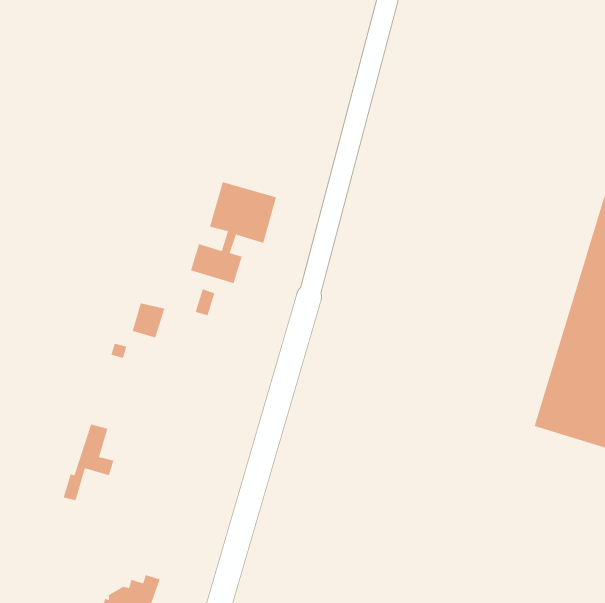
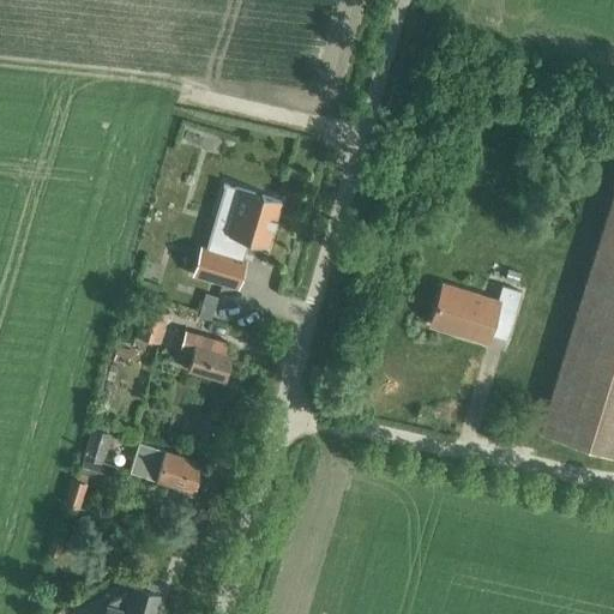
building: none -> [432,273,523,344]
building: none -> [182,333,233,383]
building: none -> [131,445,201,493]

